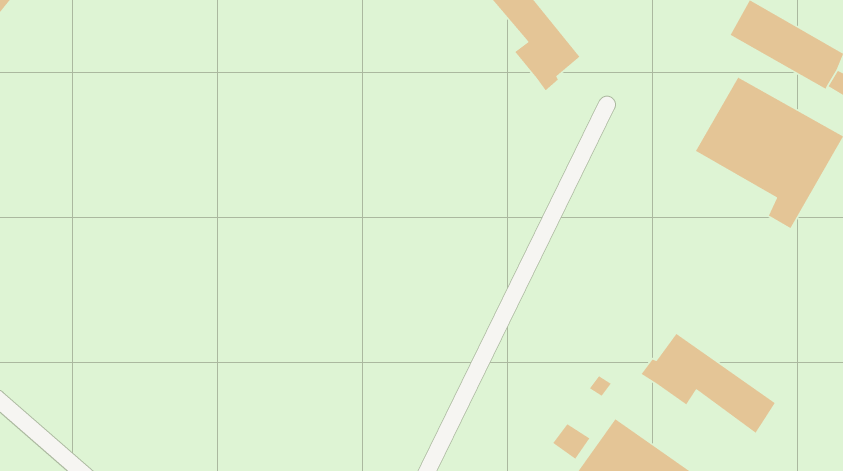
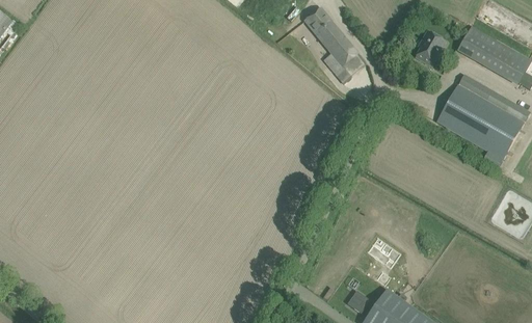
building: none -> [417,31,446,64]
building: [640,333,776,434] -> none

